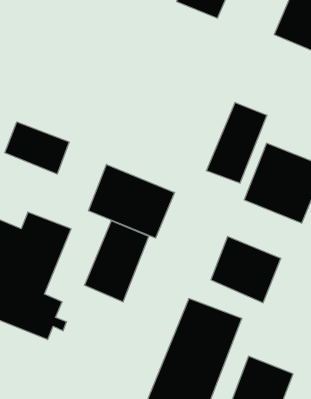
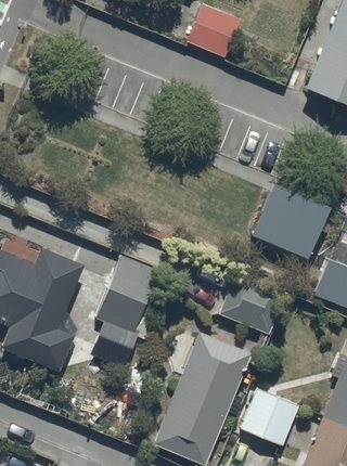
building: [207,102,267,183] -> none
building: [5,122,69,174] -> none
building: [88,164,175,238] -> none

